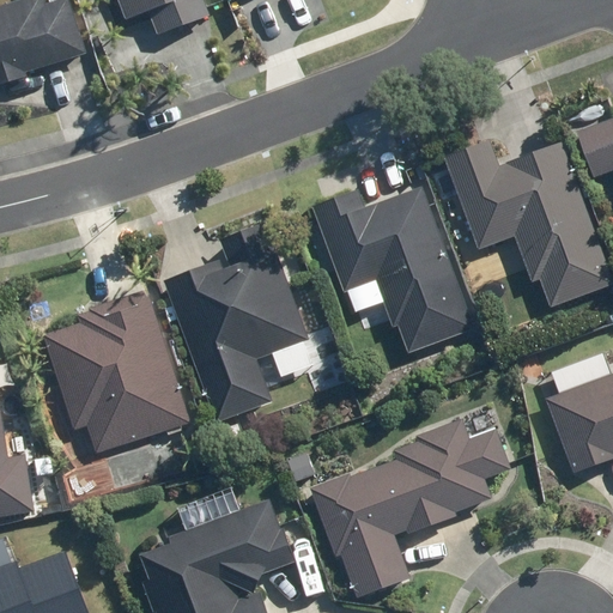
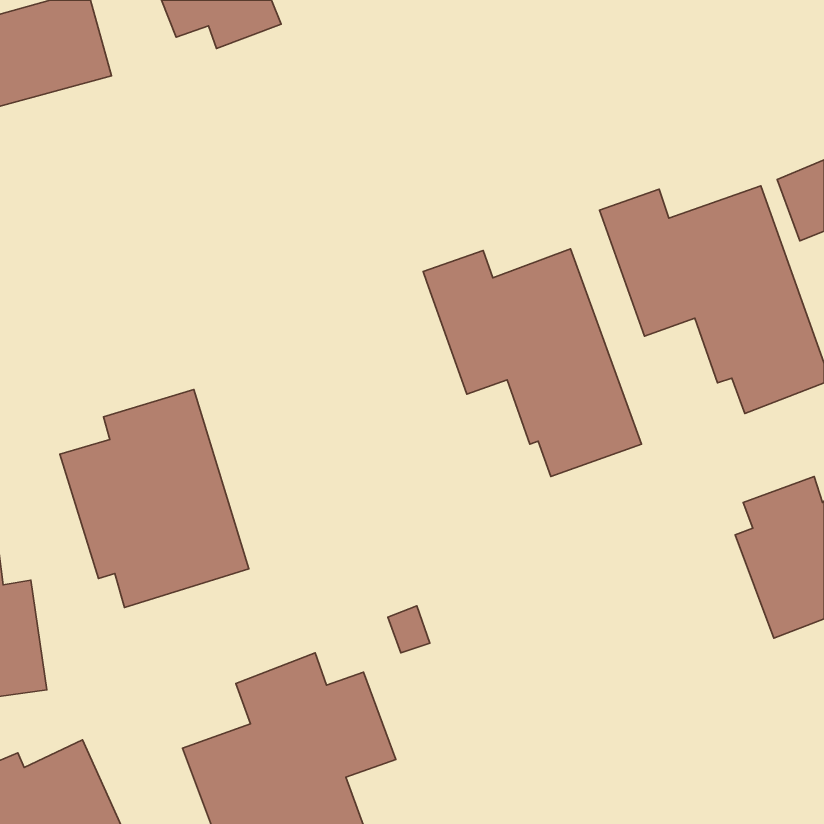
building: [166,220,311,425] -> none
building: [311,417,512,599] -> none

